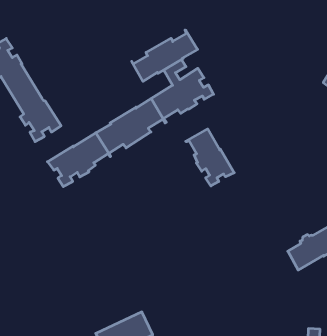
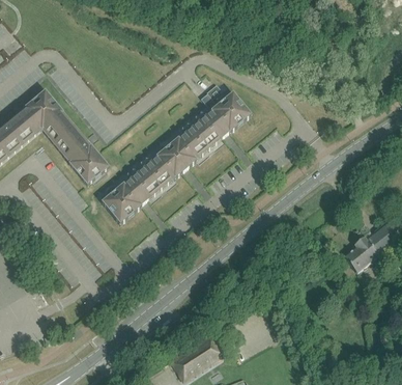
building: [132,30,198,81] -> none
building: [186,129,234,186] -> none

